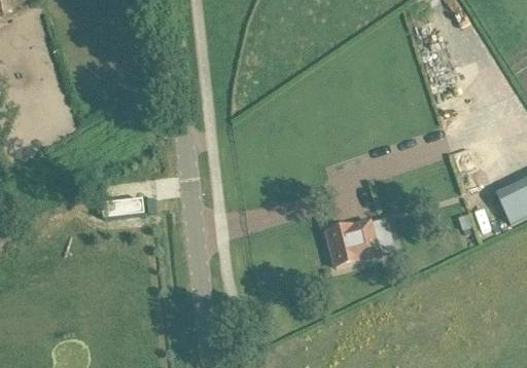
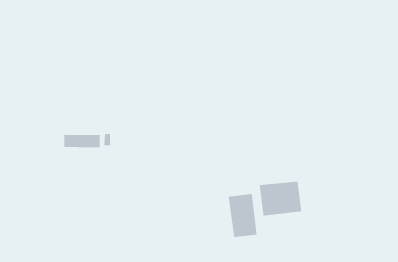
building: none -> [228,193,258,238]

